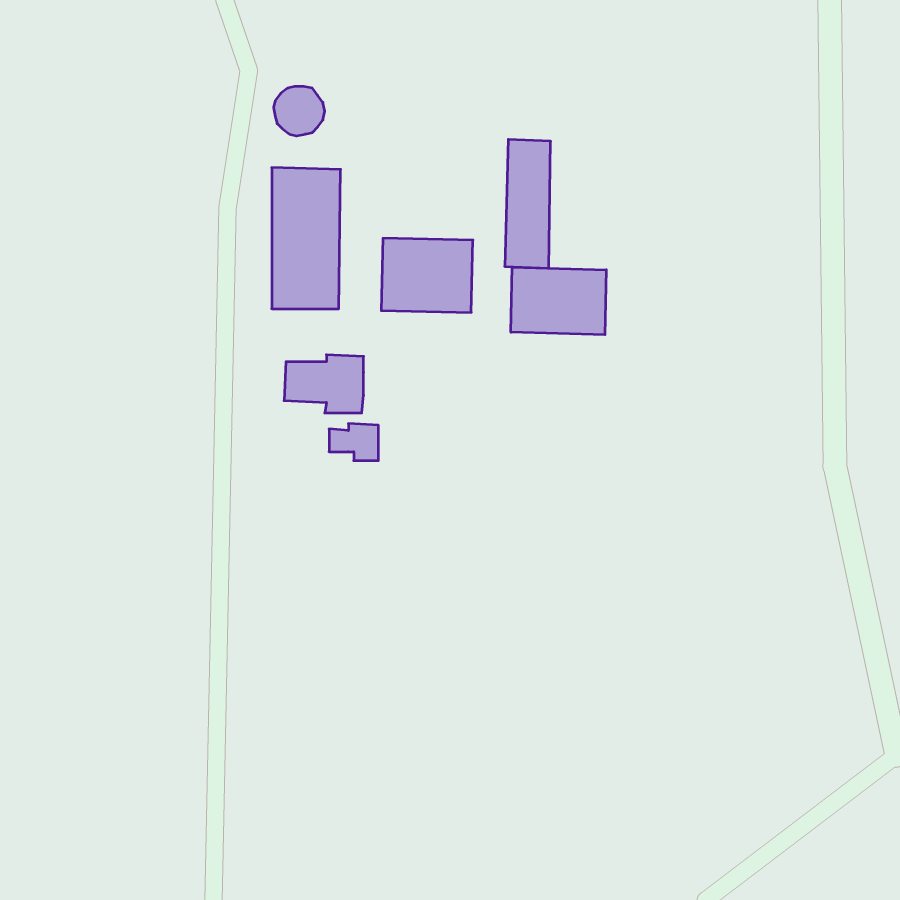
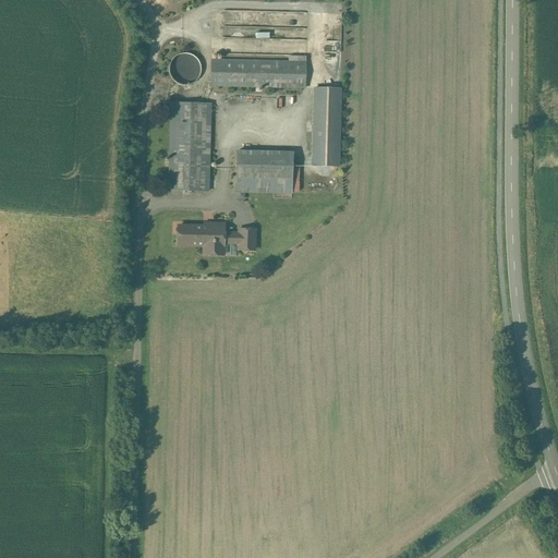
building: none -> [213,50,305,86]
building: [511,267,606,335] -> none
building: [329,424,378,461] -> [226,227,256,250]

